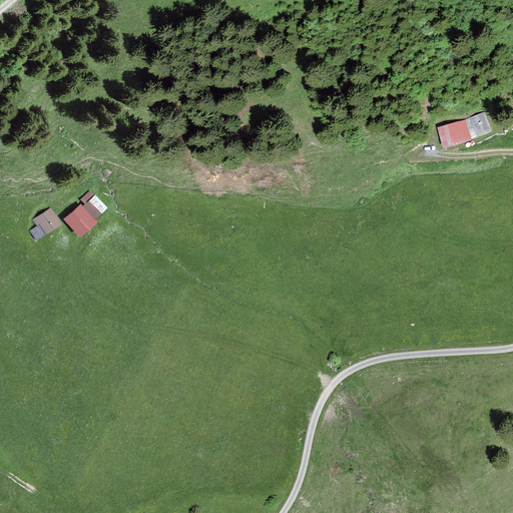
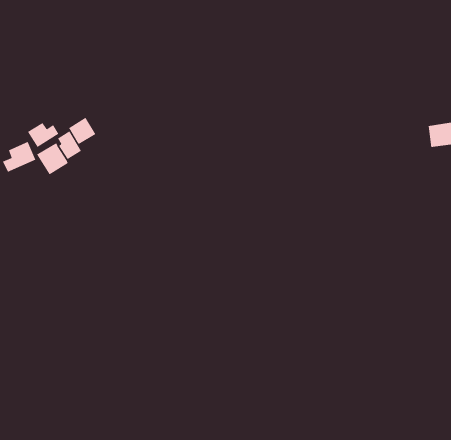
building: none -> [68,117,96,145]
building: none -> [27,122,59,148]

